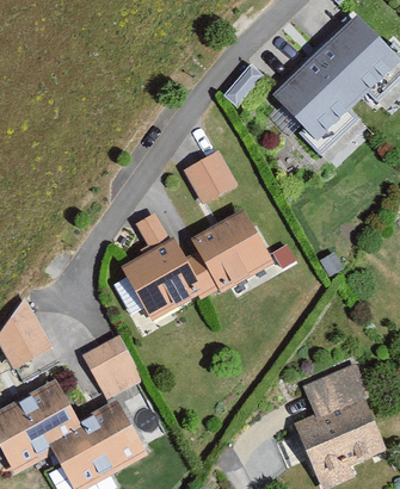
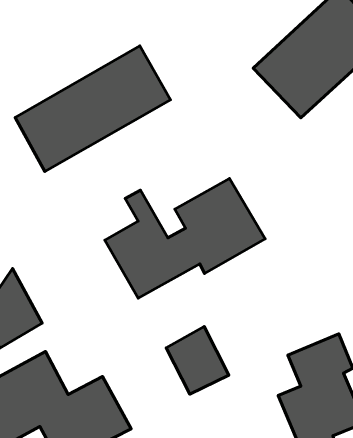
building: none -> [15,46,171,172]
building: [184,151,236,205] -> none
building: [81,332,144,400] -> [166,327,229,394]

